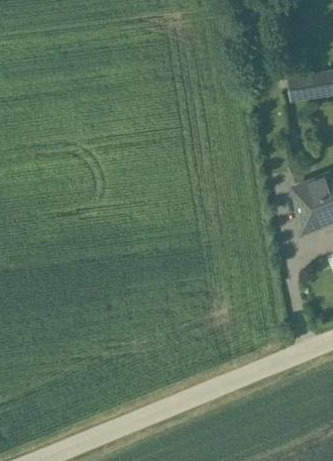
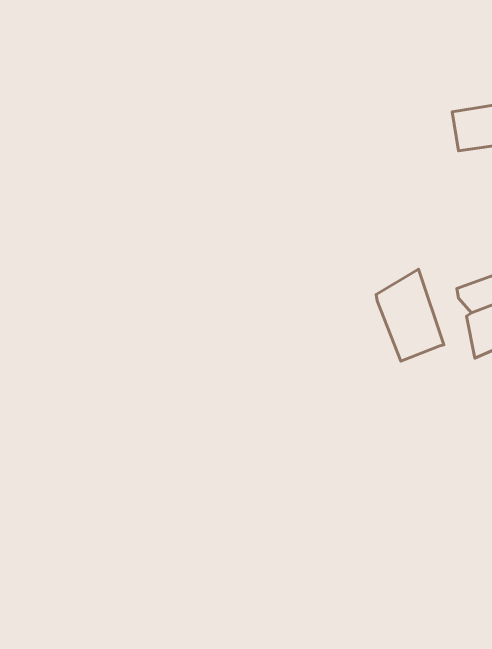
building: none -> [376,269,444,361]

